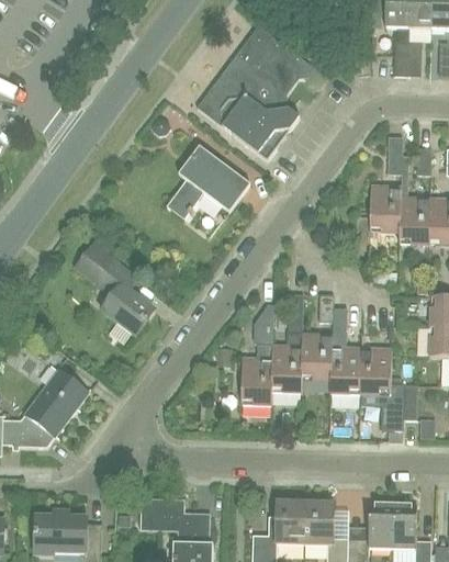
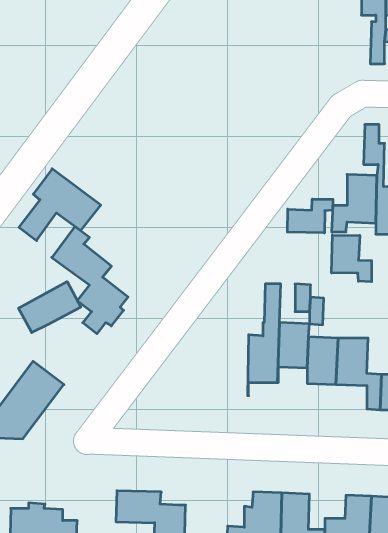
building: [197,24,314,158] -> none
building: [167,147,248,218] -> [19,169,101,241]
building: none -> [287,199,333,233]
building: none -> [332,235,372,282]
building: none -> [19,282,81,333]
building: [240,303,273,404] -> none

